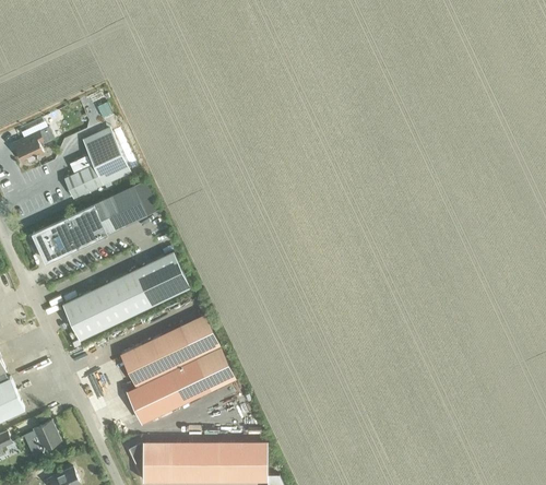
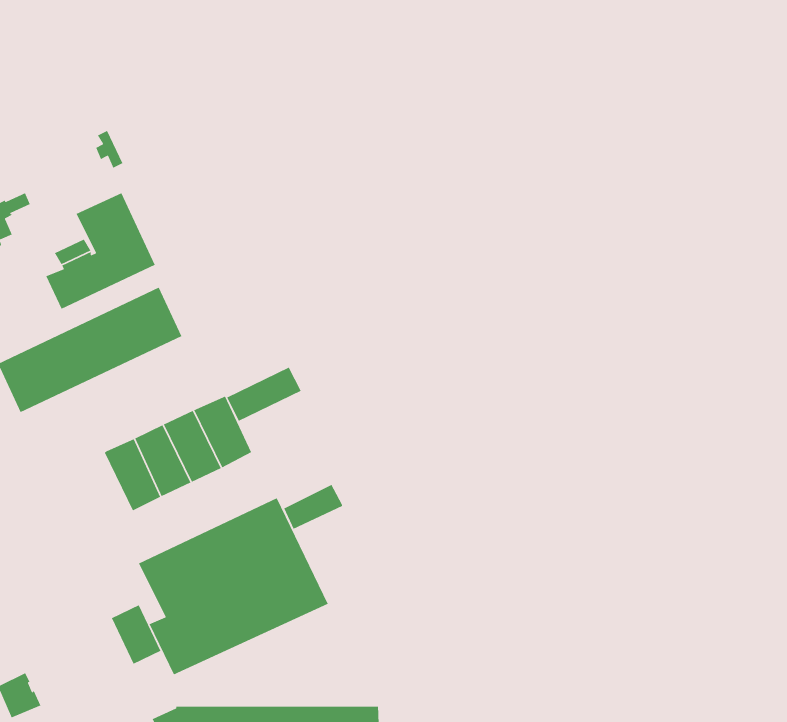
building: none -> [226,366,302,422]
building: [61,287,116,341] -> none
building: none -> [283,484,343,530]
building: none -> [111,604,162,665]

